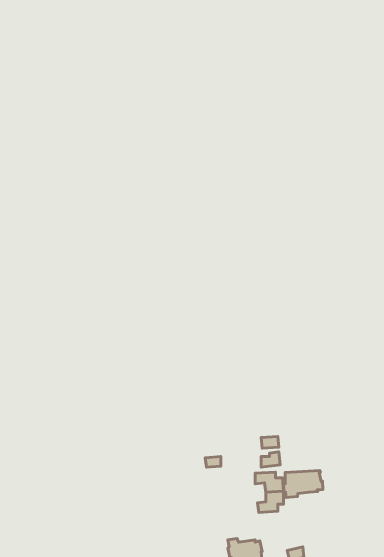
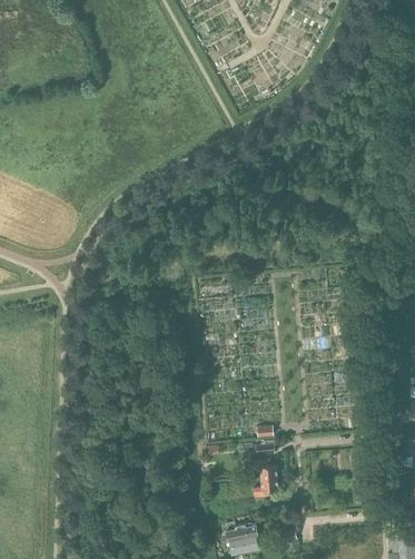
building: [283,471,323,498] -> none

